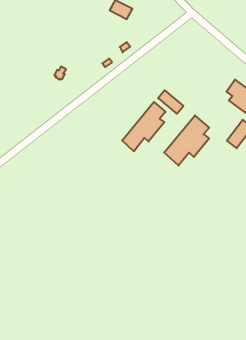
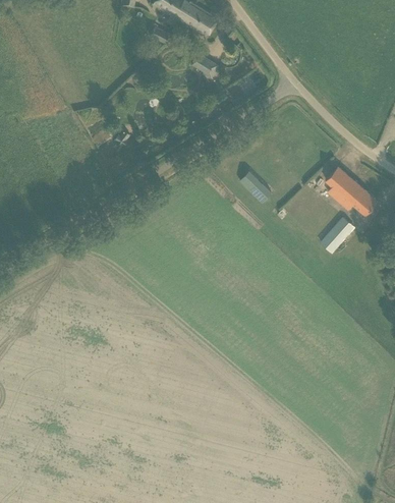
building: [122,102,166,151] -> none
building: [164,115,209,166] -> none

